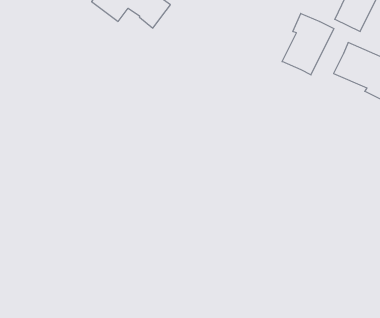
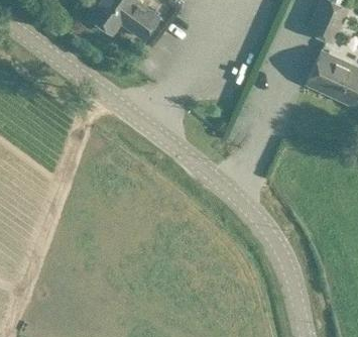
building: [282,13,334,75] -> none

